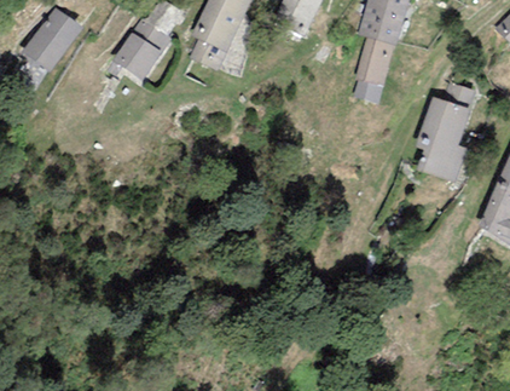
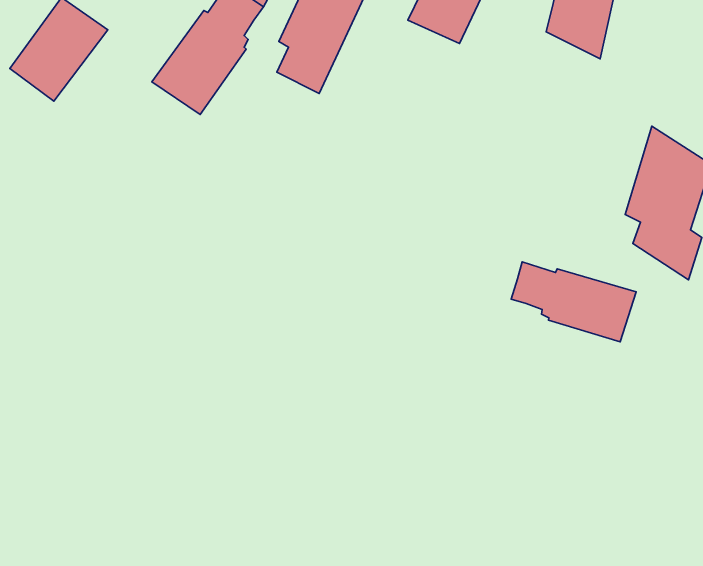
building: [355,36,392,90] -> none
building: none -> [511,262,636,342]

